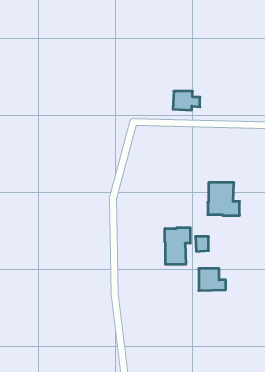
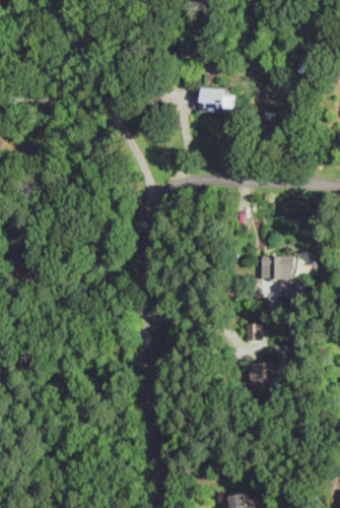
building: [173,91,200,110] -> [200,88,233,112]
building: [165,228,190,264] -> none

